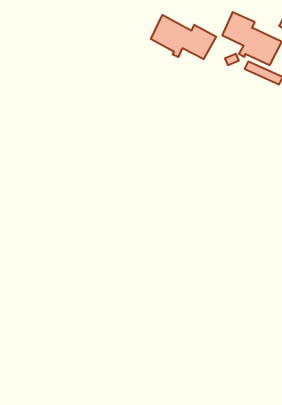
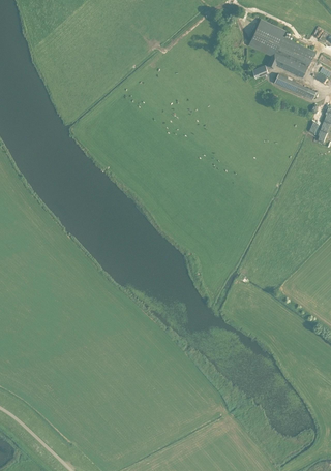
building: [151,15,216,59] -> none

